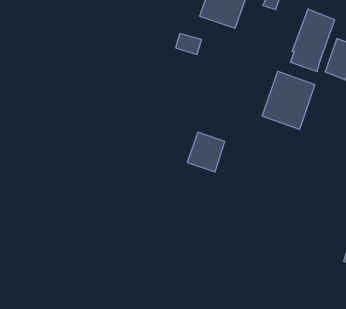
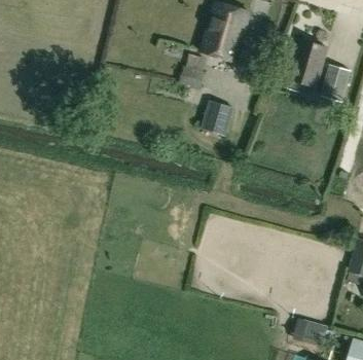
building: [262,71,315,129] -> none
building: [187,132,225,172] -> [199,101,233,137]

